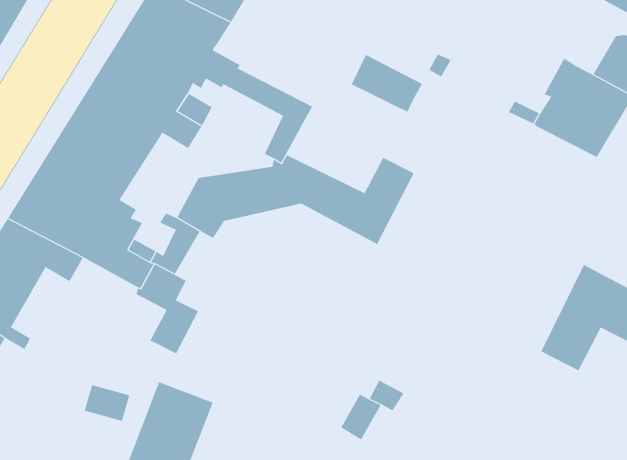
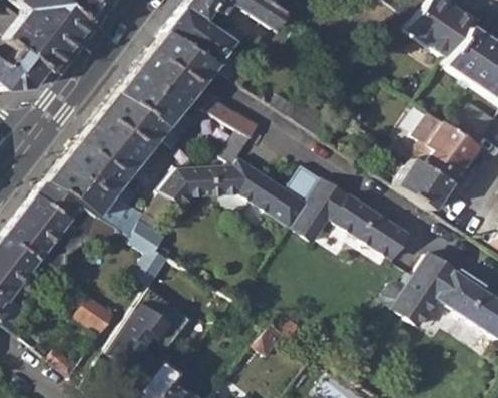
building: none -> [393,159,449,209]
building: none -> [296,181,410,260]

